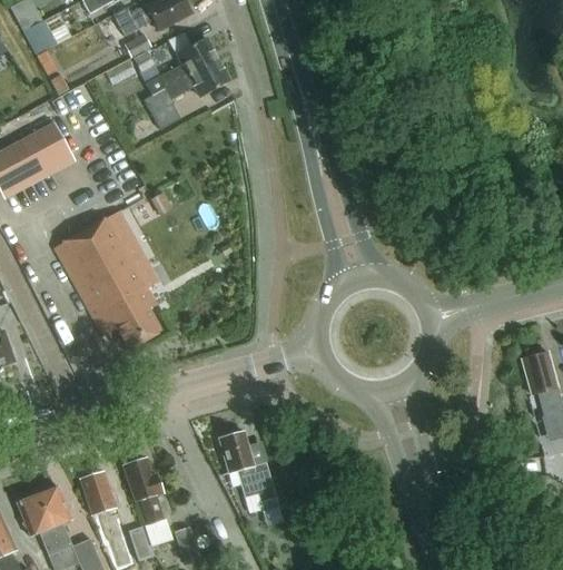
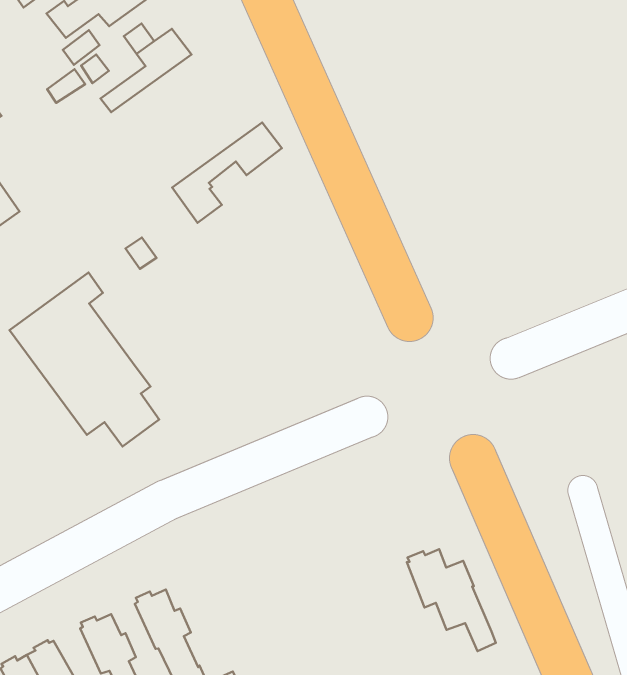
building: [145,59,230,128] -> [172,123,282,223]
building: [220,431,279,511] -> [407,549,496,651]

